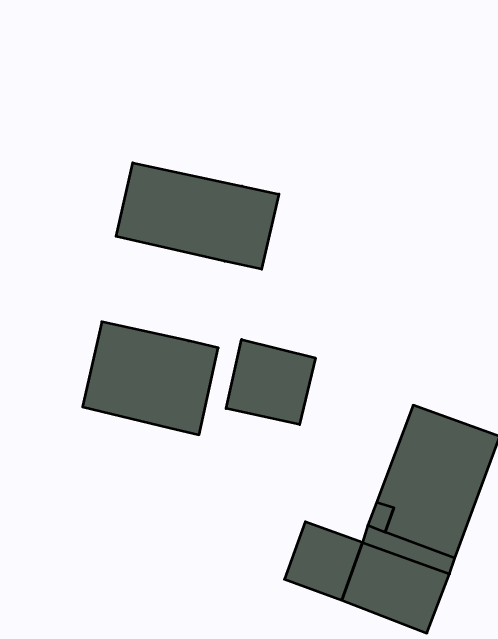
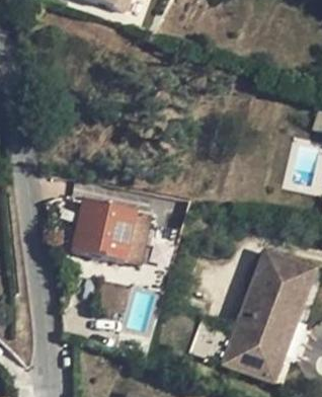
building: [116,163,279,269] -> none
building: [226,339,315,425] -> none

